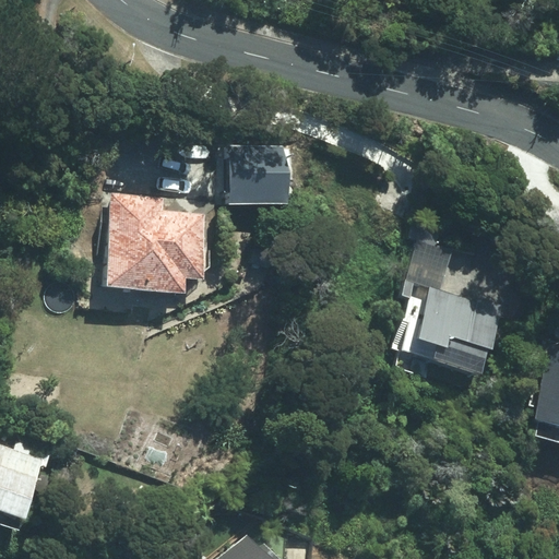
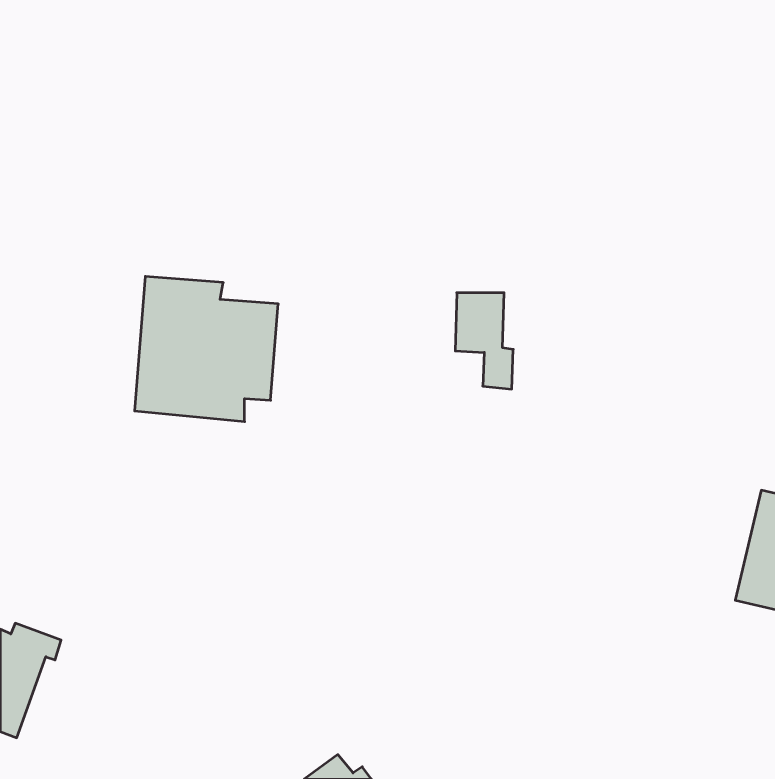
building: [249,142,290,211] -> [455,293,513,389]
building: [409,292,501,367] -> none

